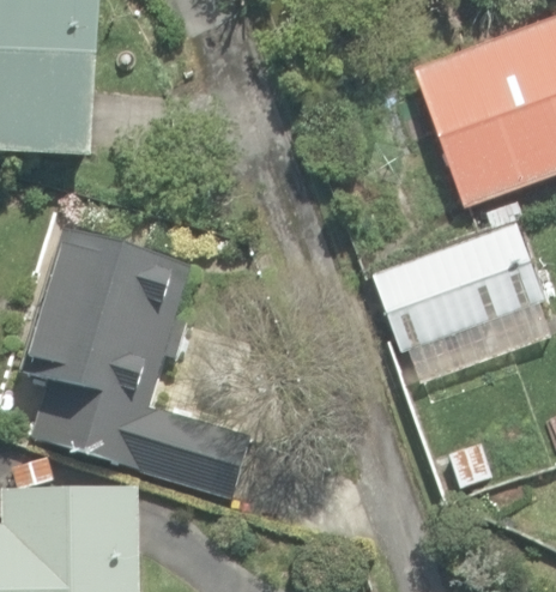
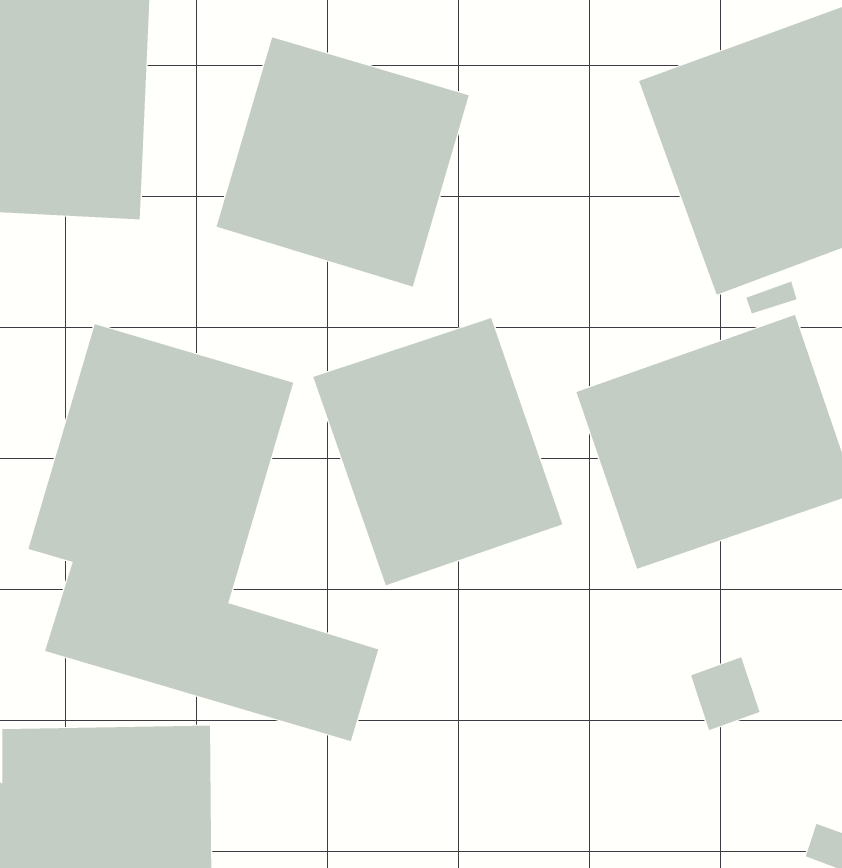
building: none -> [216,36,469,288]
building: none -> [313,317,563,586]

